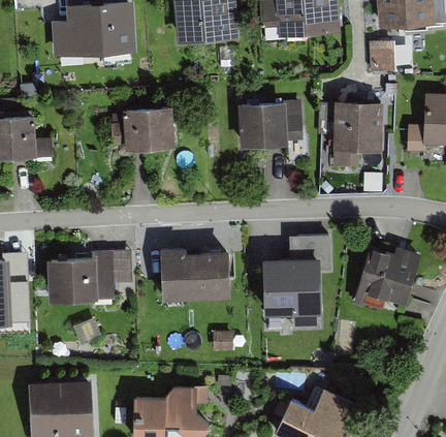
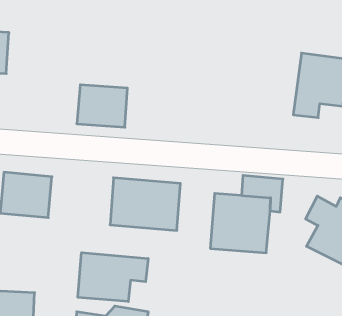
building: [237,103,308,149] -> none
building: [125,105,176,148] -> [77,85,127,127]
building: [97,251,132,299] -> none
building: none -> [78,253,148,302]

